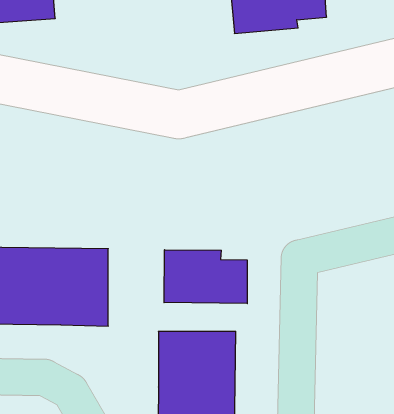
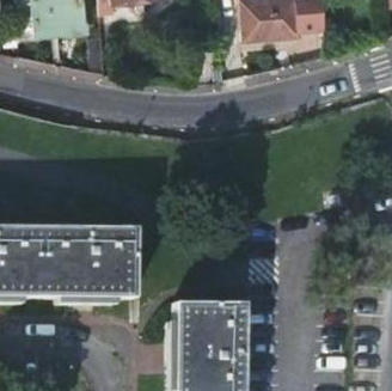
building: [164,250,247,304] -> none

